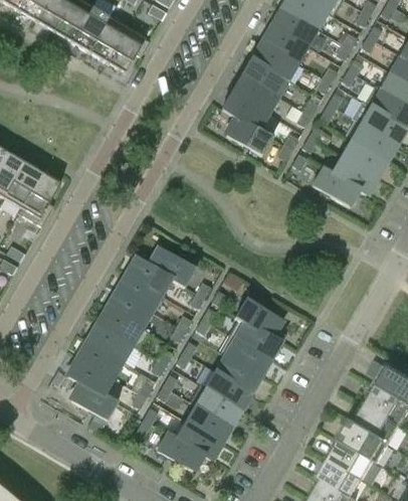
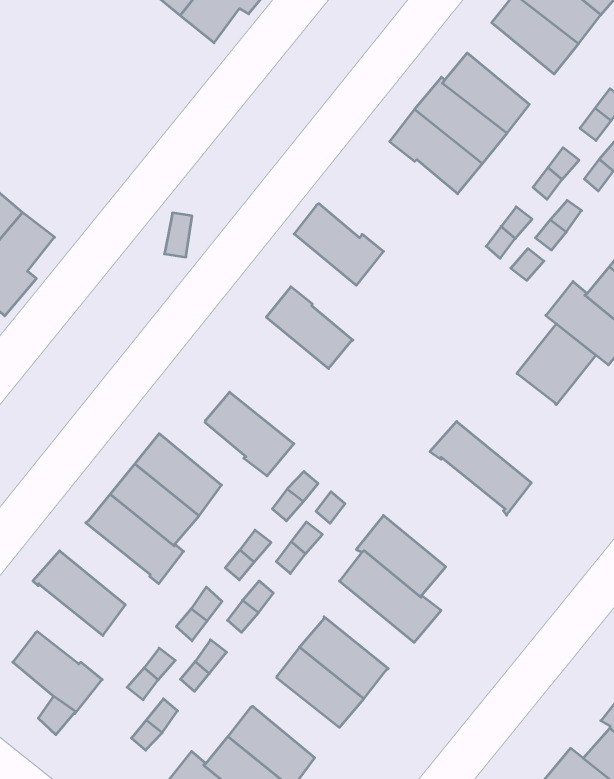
building: [253,43,298,81] -> none
building: [226,118,272,156] -> [294,204,384,285]
building: none -> [517,324,596,405]
building: [128,258,173,296] -> [266,287,353,369]
building: [86,323,134,363] -> none
building: [218,335,271,378] -> [430,421,531,515]
building: [68,359,115,396] -> none
building: [189,384,240,426] -> none

